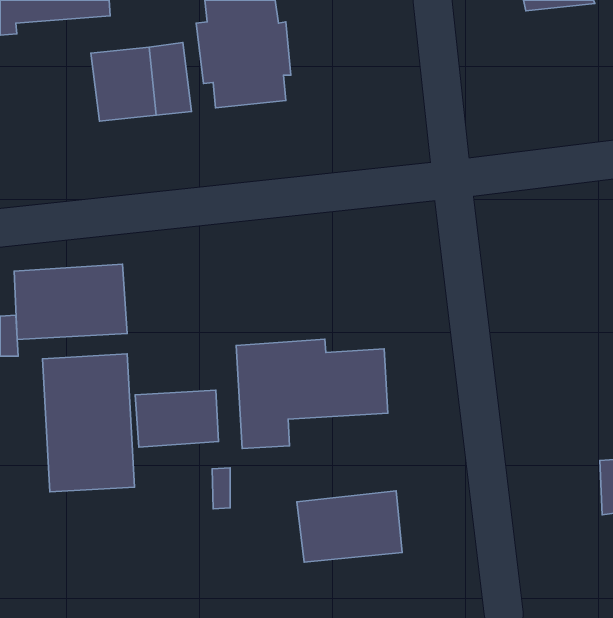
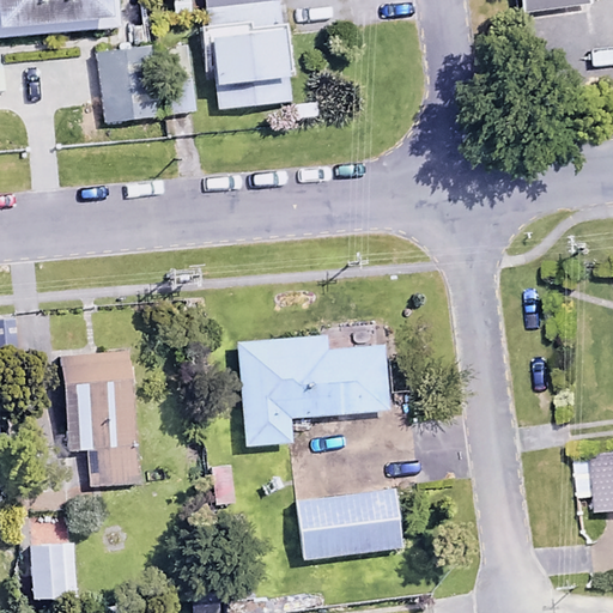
building: [14,264,127,340] -> none
building: [135,390,218,447] -> none
building: none -> [30,542,77,597]

